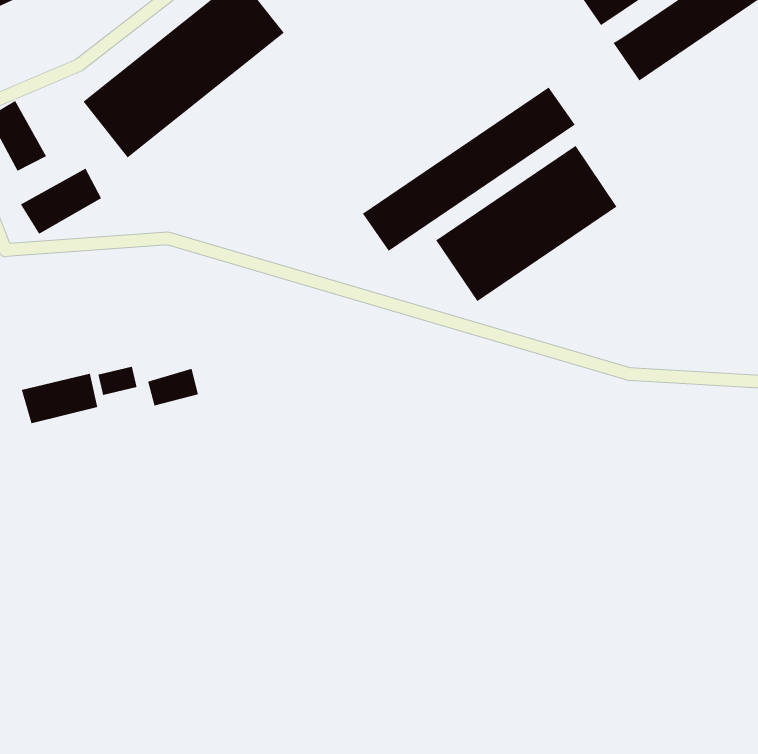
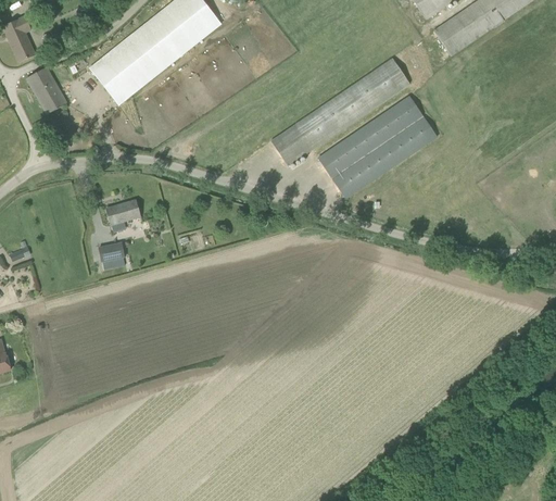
building: [20,167,102,235] -> none
building: [147,368,199,406] -> [106,199,140,224]
building: [21,373,98,424] -> none

